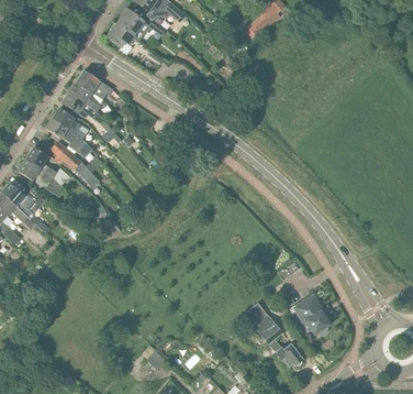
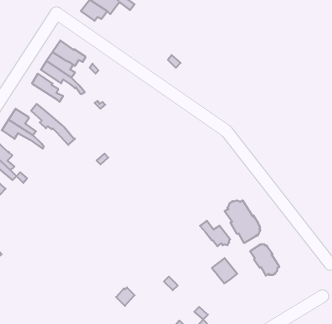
building: [45,118,92,158] -> none
building: none -> [225,200,260,243]
building: [268,338,302,366] -> [200,221,230,246]

